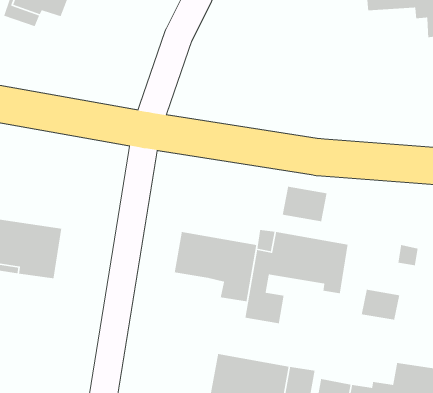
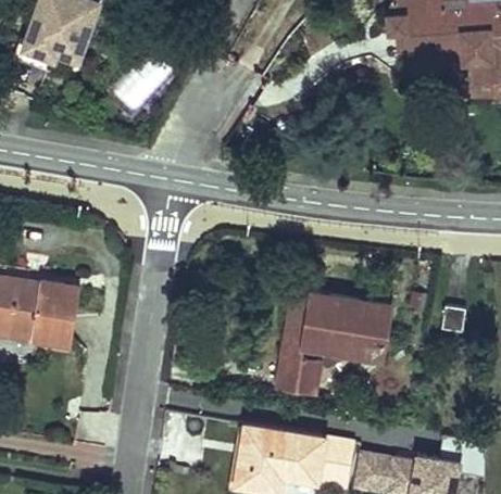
building: [282,186,328,222] -> none
building: [174,231,257,302] -> none
building: [361,289,400,321] -> none

